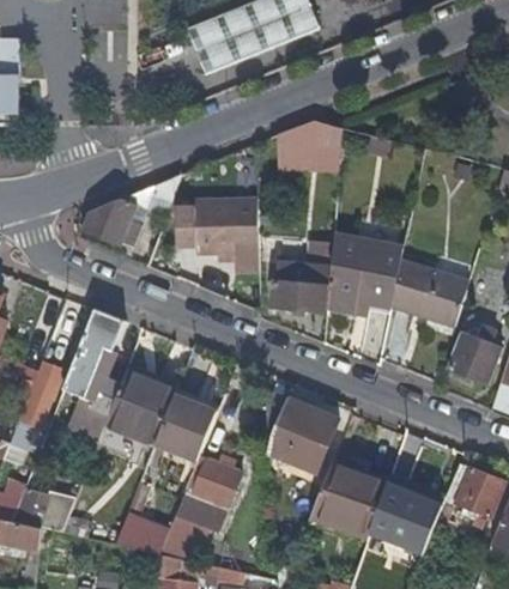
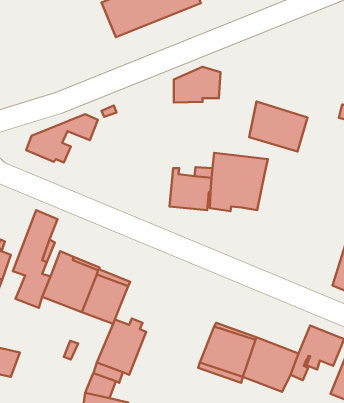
building: [196,200,259,253] -> none
building: [390,262,468,329] -> [249,101,307,151]
building: [447,333,499,383] -> none
building: [265,389,339,472] -> none
building: [116,515,170,554] -> none

